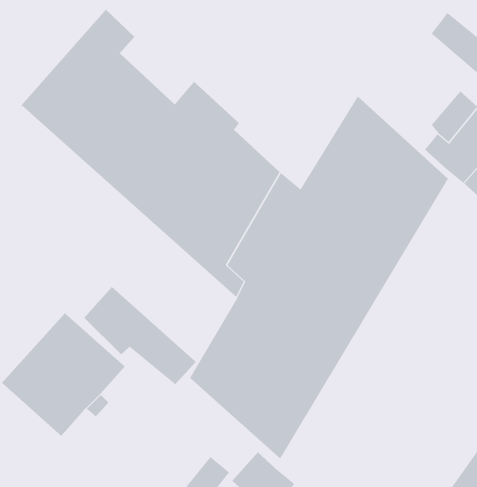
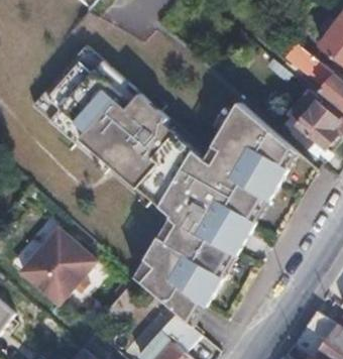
building: [83,286,197,385] -> none

